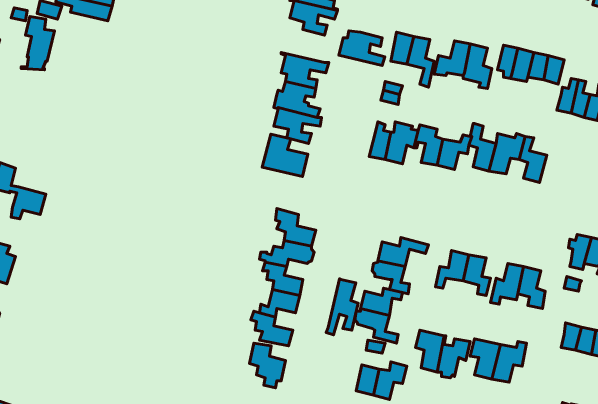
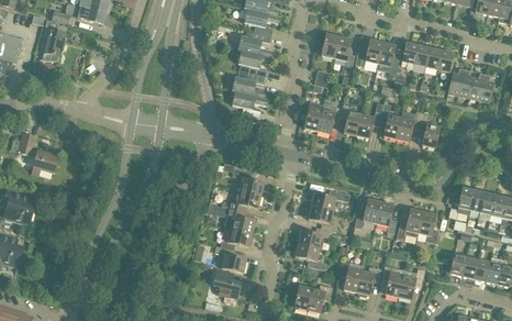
building: [339,31,385,65] -> [237,30,272,56]
building: [262,134,308,176] -> none
building: [326,279,358,335] -> none

